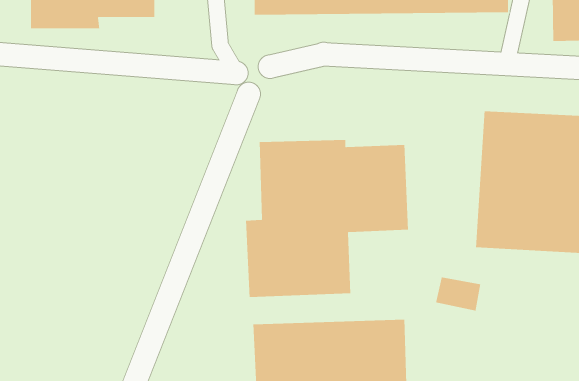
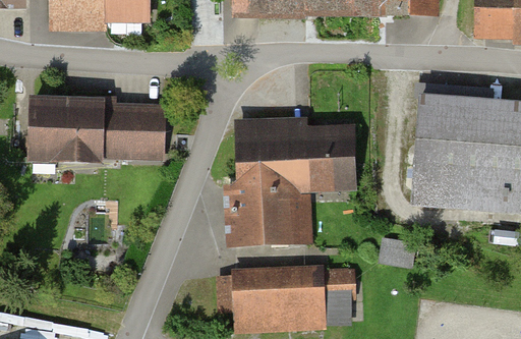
building: none -> [30,98,165,163]

